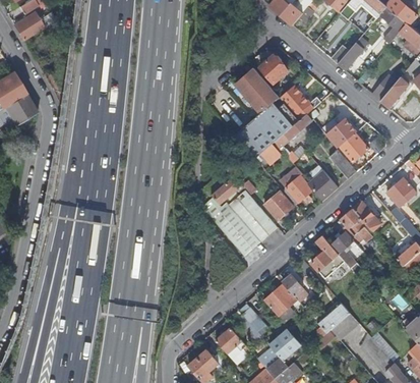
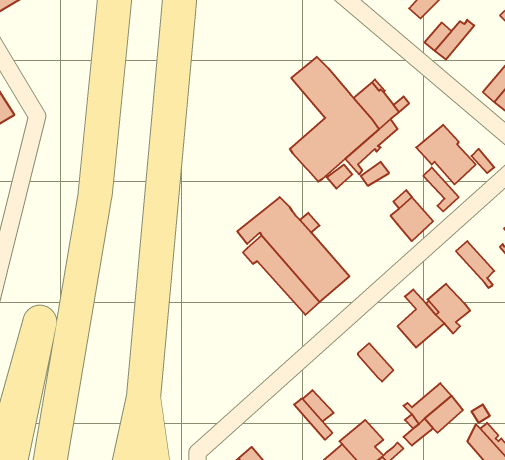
building: [258,55,287,84] -> none
building: [285,171,311,203] -> none
building: [263,193,293,221] -> none
building: [338,209,373,247] -> none
building: [264,283,297,322] -> none
building: [216,328,250,353] -> none

